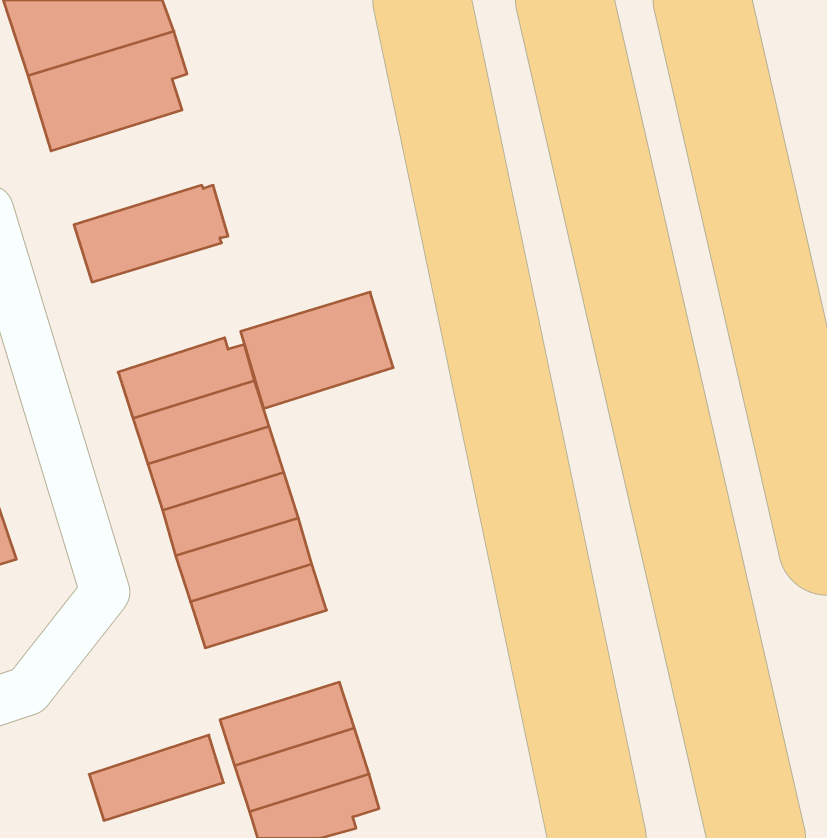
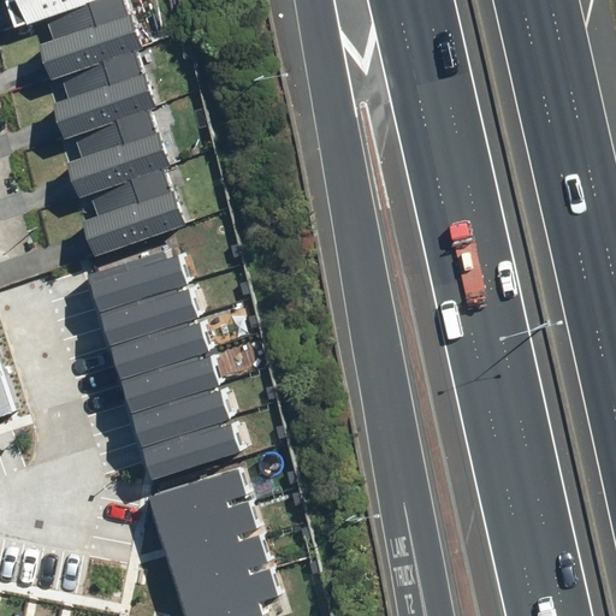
building: none -> [37,78,154,165]
building: [241,292,393,409] -> [67,178,179,263]
building: [89,735,224,820] -> [150,466,249,528]

